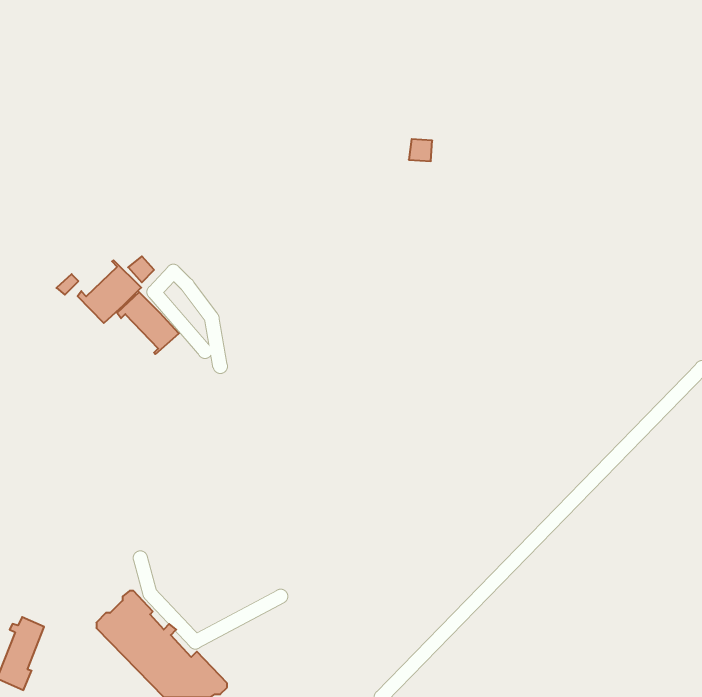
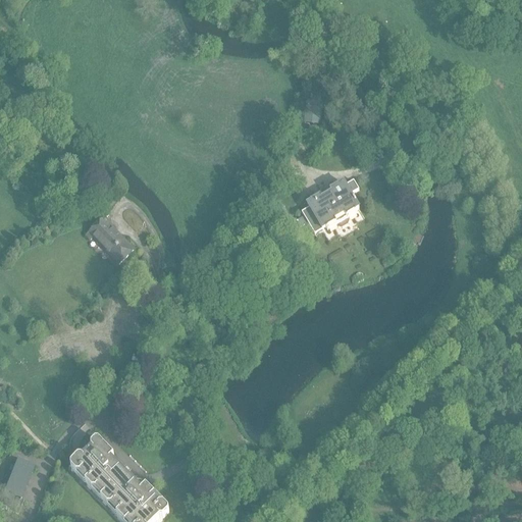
building: none -> [296,178,359,231]
building: [78,260,141,323] -> none

